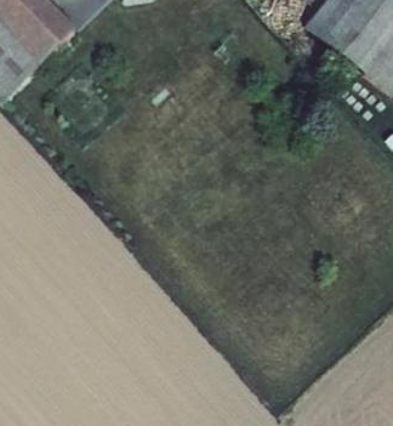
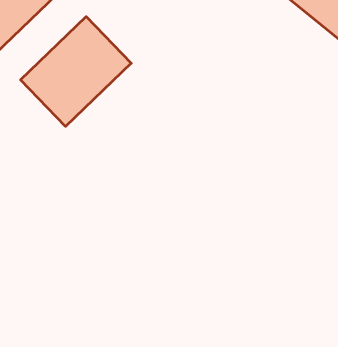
building: none -> [21,17,131,126]

